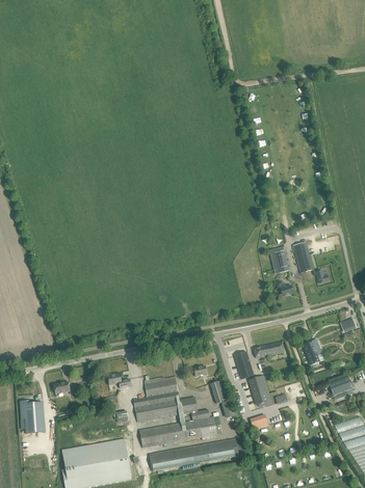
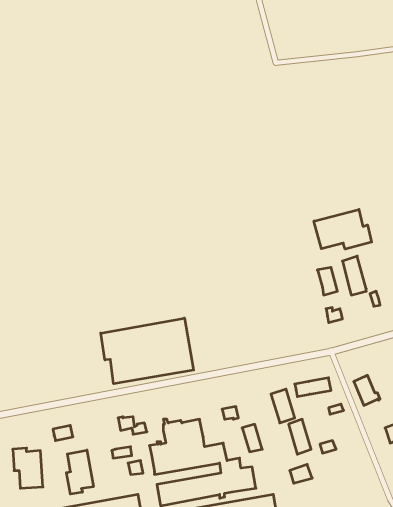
building: none -> [314,209,372,249]
building: none -> [101,318,194,384]
building: none -> [66,450,93,494]

